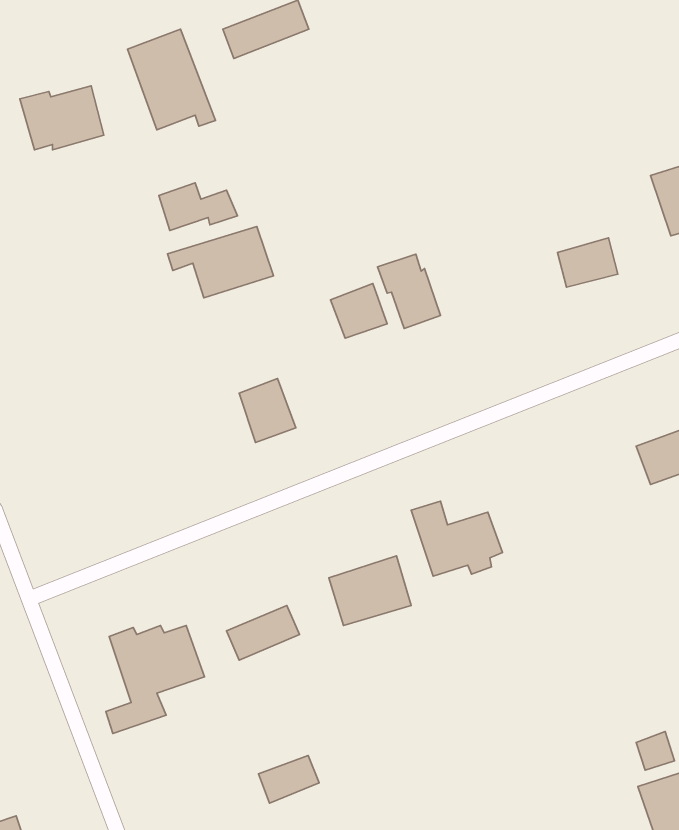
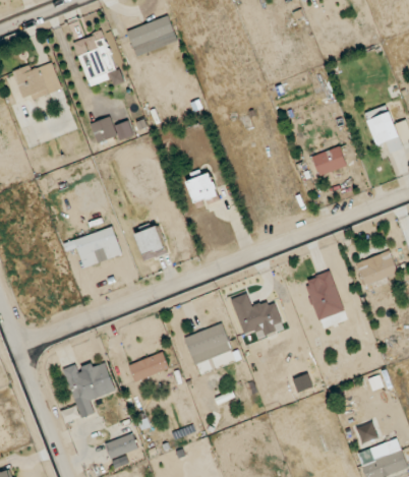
building: [167,227,273,298] -> [63,228,122,267]
building: [377,254,441,329] -> none
building: none -> [304,272,344,320]
building: [259,756,319,803] -> [105,433,138,460]

